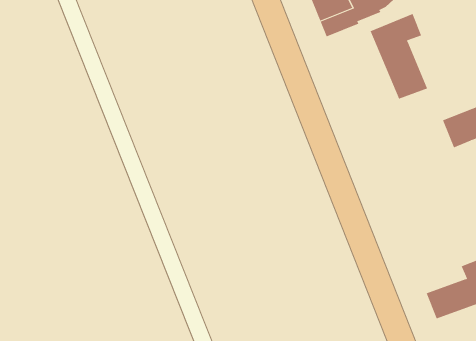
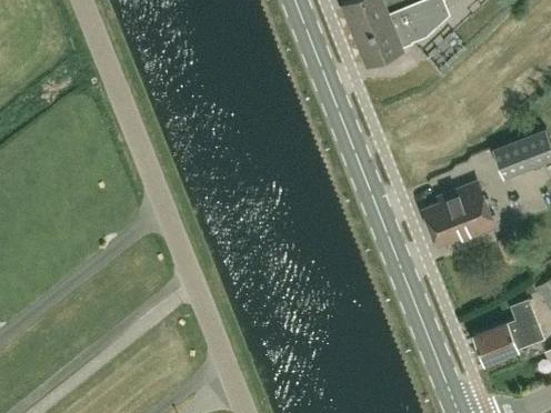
building: [370,13,428,100] -> none
building: none -> [424,182,495,244]

